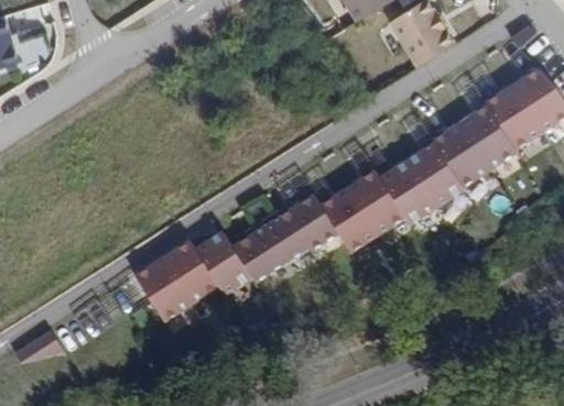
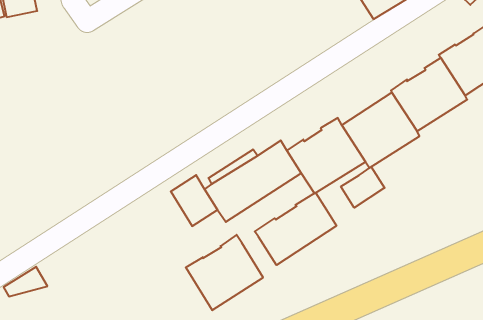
building: none -> [341,167,385,208]
building: [135,240,219,321] -> [186,235,263,310]
building: none -> [255,193,336,265]

